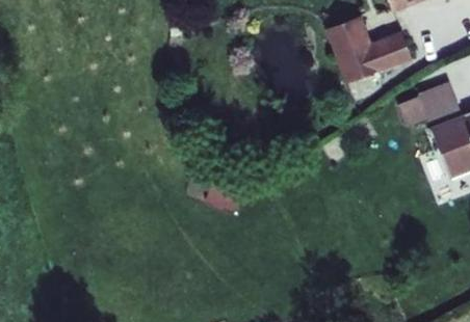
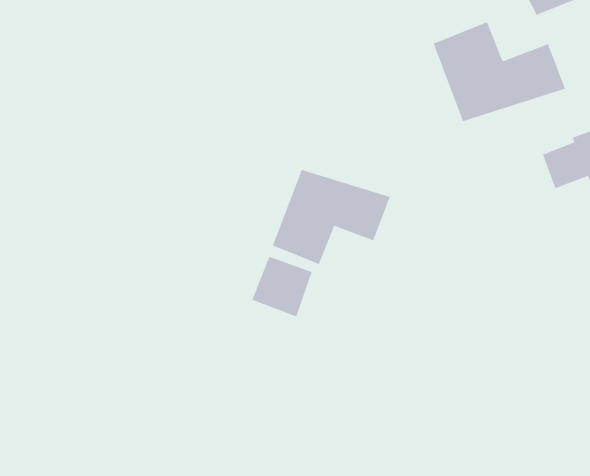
building: none -> [272,169,390,265]

